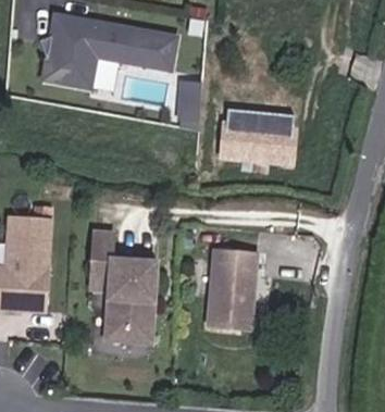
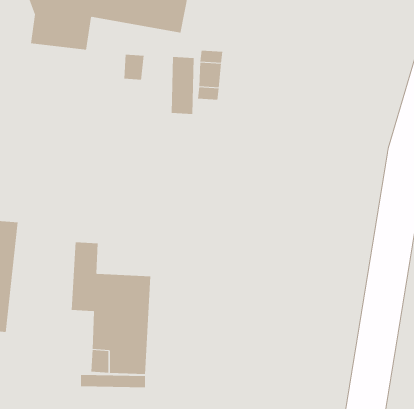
building: [218,125,293,165] -> none
building: [206,249,256,333] -> none

